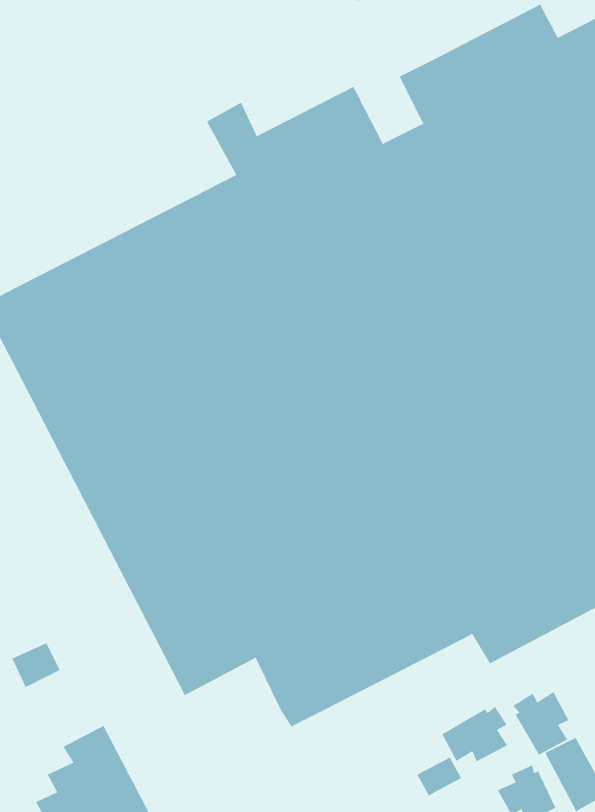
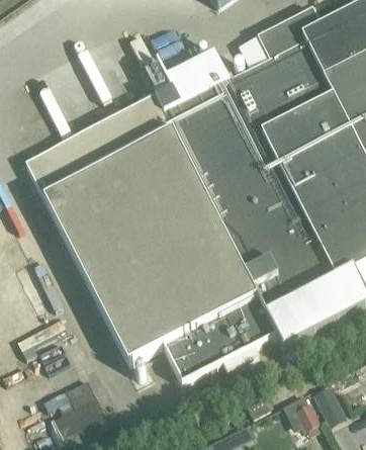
building: [513,691,569,755] -> none
building: [442,706,508,762] -> none

